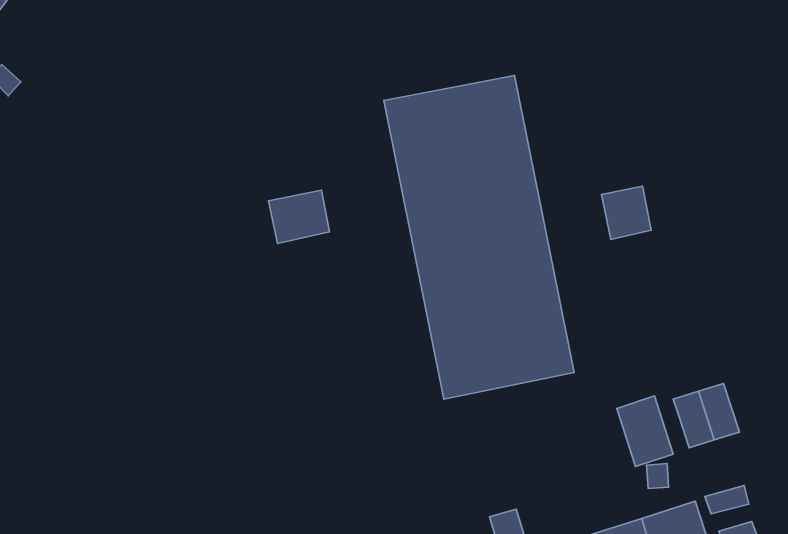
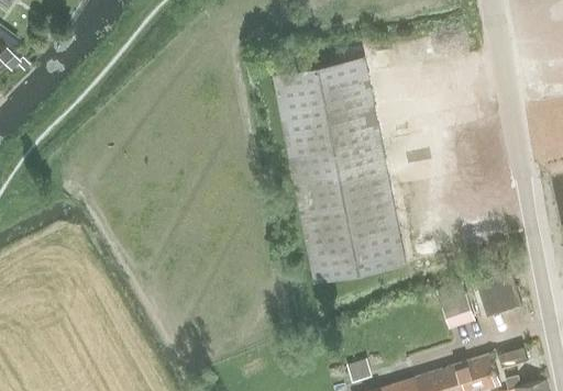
building: [601,186,651,239] -> none
building: [268,190,330,243] -> none

